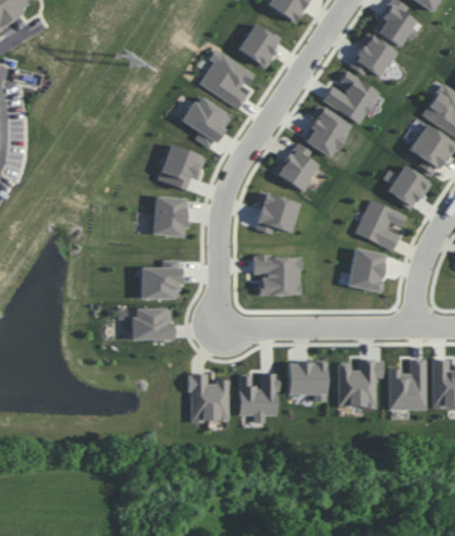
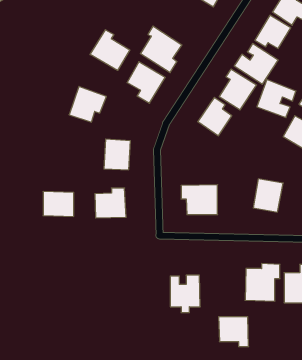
building: [236,23,281,66] -> none
building: none -> [90,30,130,70]
building: [157,144,206,190] -> [69,86,106,122]
building: [255,192,298,234] -> none
building: [355,199,406,249] -> [257,79,296,118]
building: [132,308,172,340] -> [43,192,74,216]
building: [286,362,325,401] -> [219,317,249,347]
building: [189,374,229,422] -> none

